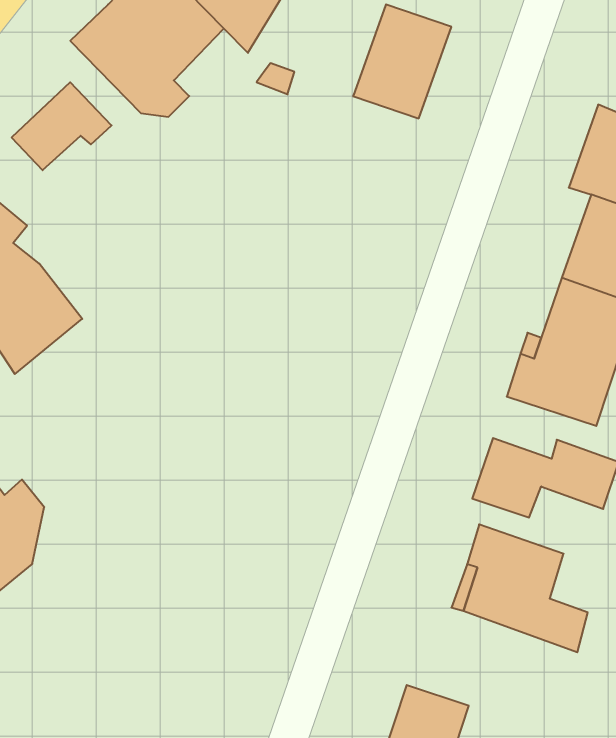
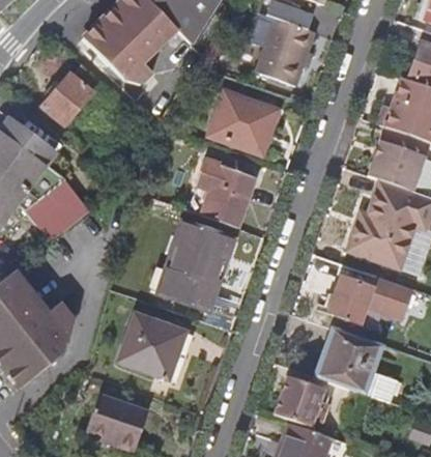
building: none -> [209,91,274,150]
building: none -> [182,155,252,225]
building: none -> [155,221,231,309]
building: none -> [117,313,191,380]
building: none -> [275,379,324,429]
building: none -> [85,394,147,451]

